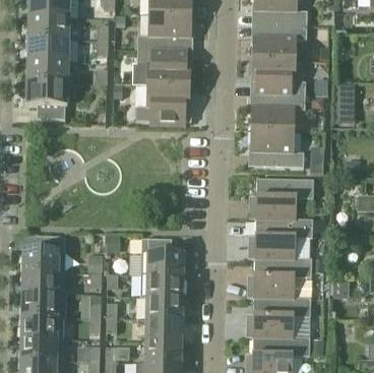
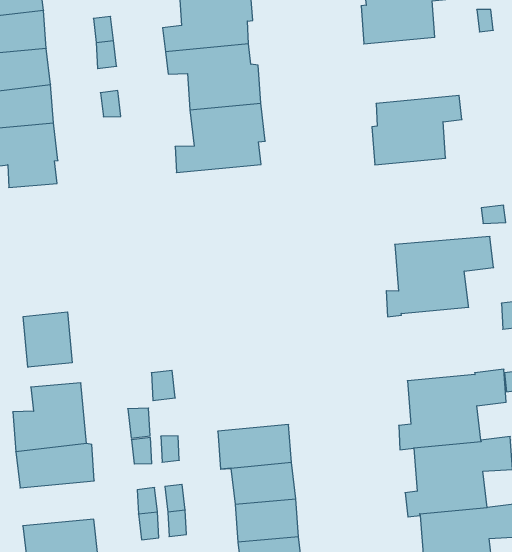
building: [252,58,305,95] -> none
building: [251,129,304,166] -> none
building: none -> [23,312,72,367]
building: [247,217,312,258] -> none
building: [141,238,183,274] -> none
building: [21,293,66,316] -> none

